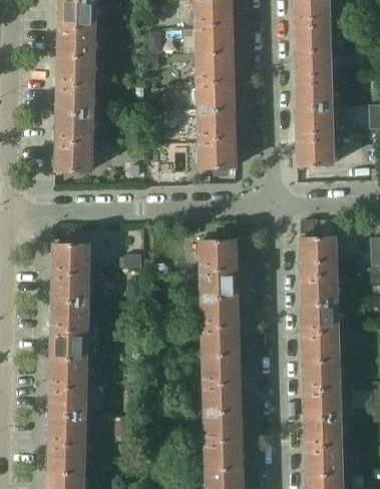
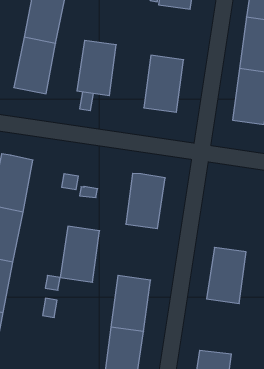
building: [197,53,234,110] -> [77,40,116,96]
building: [300,221,337,307] -> none
building: [202,297,239,355] -> [60,226,100,282]
building: [303,363,340,421] -> none

